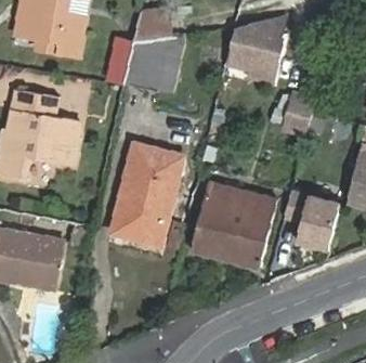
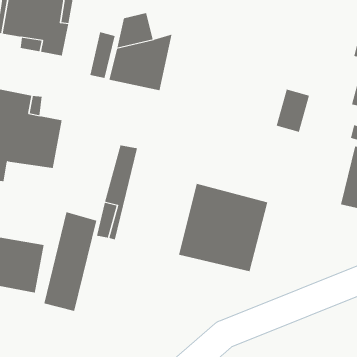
building: [230,12,288,78] -> none
building: [130,147,182,244] -> [43,212,97,311]
building: [298,192,341,246] -> none

